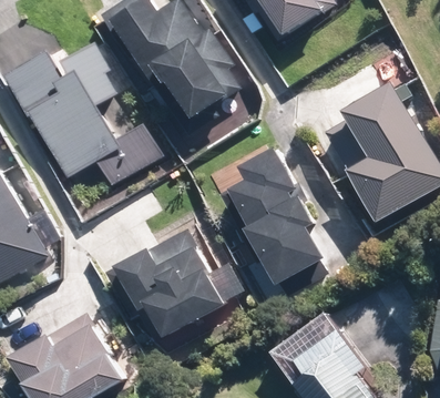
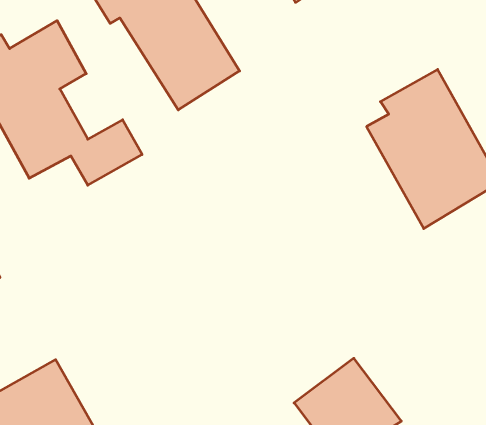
building: [226,152,328,278] -> none
building: [111,236,218,336] -> none

